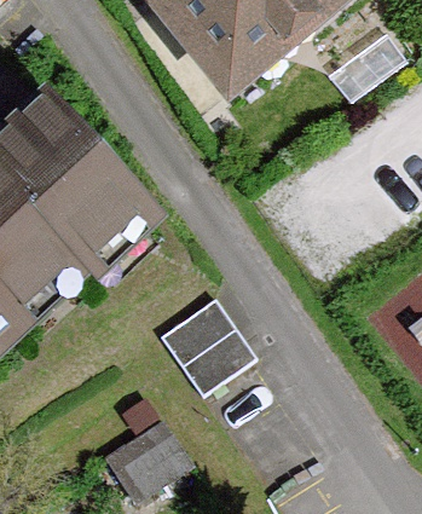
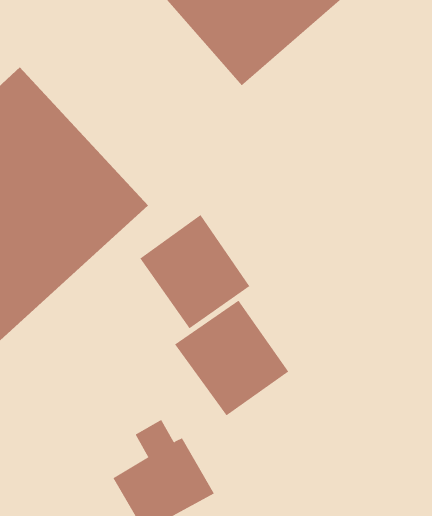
building: none -> [139,214,250,329]

